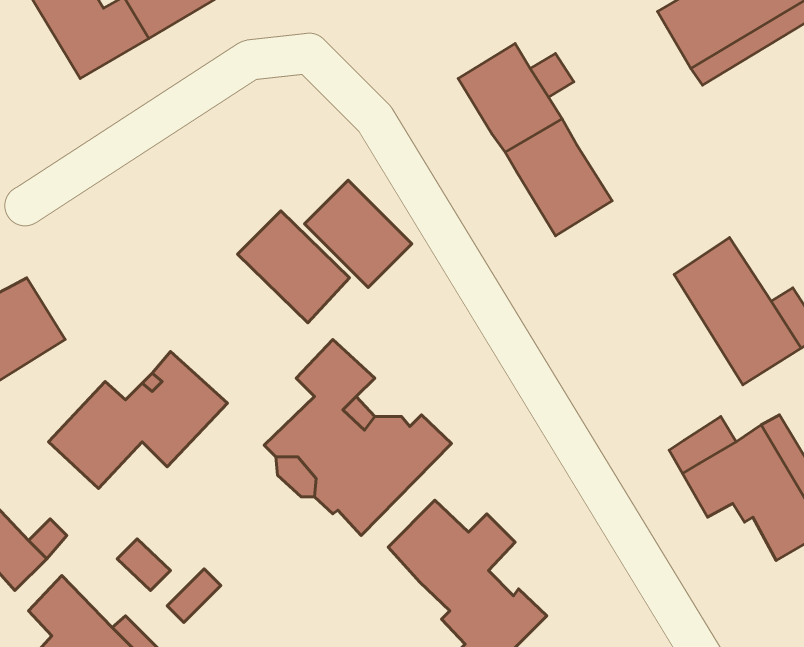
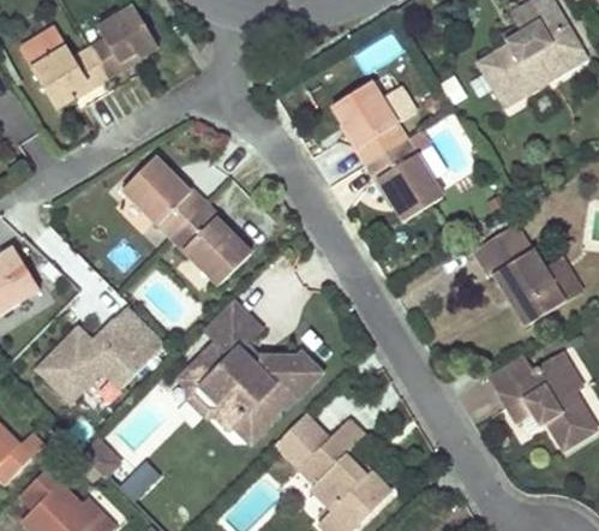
building: [305,180,412,287] -> [125,157,202,234]

